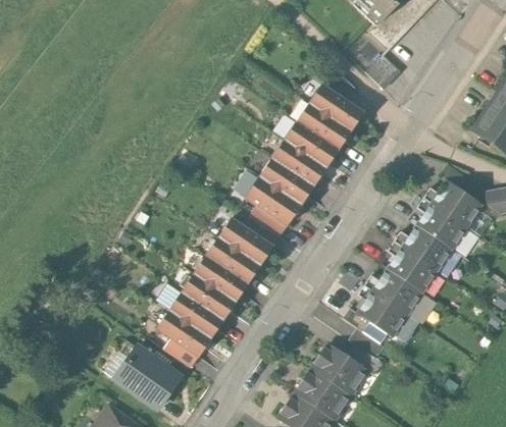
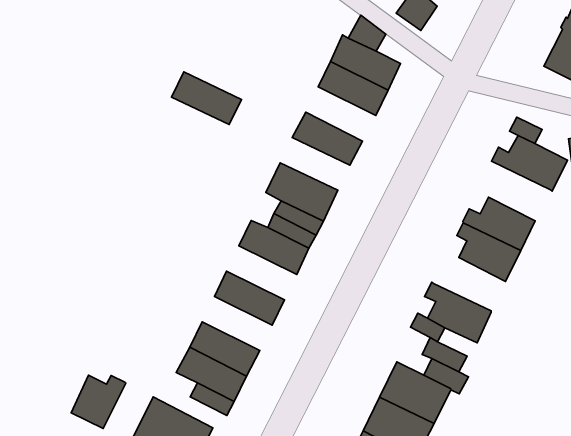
building: [286,121,340,168] -> none
building: [260,158,314,204] -> [172,72,242,125]
building: [418,198,467,249] -> none
building: [207,236,261,283] -> none
building: [366,269,422,314] -> none
building: [183,273,237,320] -> none
building: none -> [71,375,126,428]

